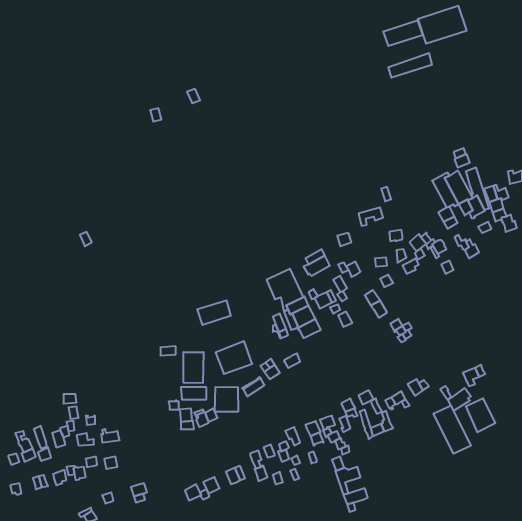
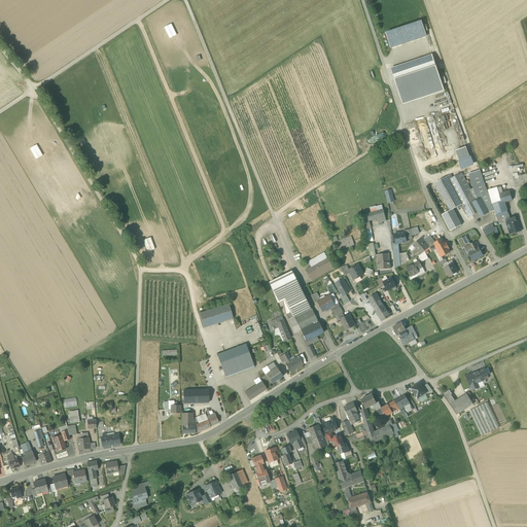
building: [418,6,467,44] -> [394,65,444,103]
building: [183,352,204,383] -> none
building: [215,387,238,412] -> none
building: [434,405,471,454] -> none

